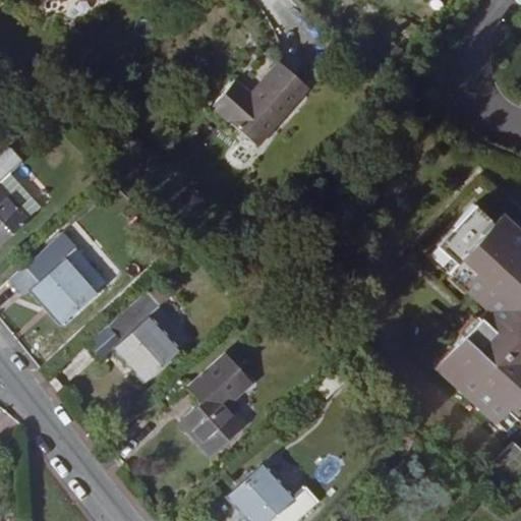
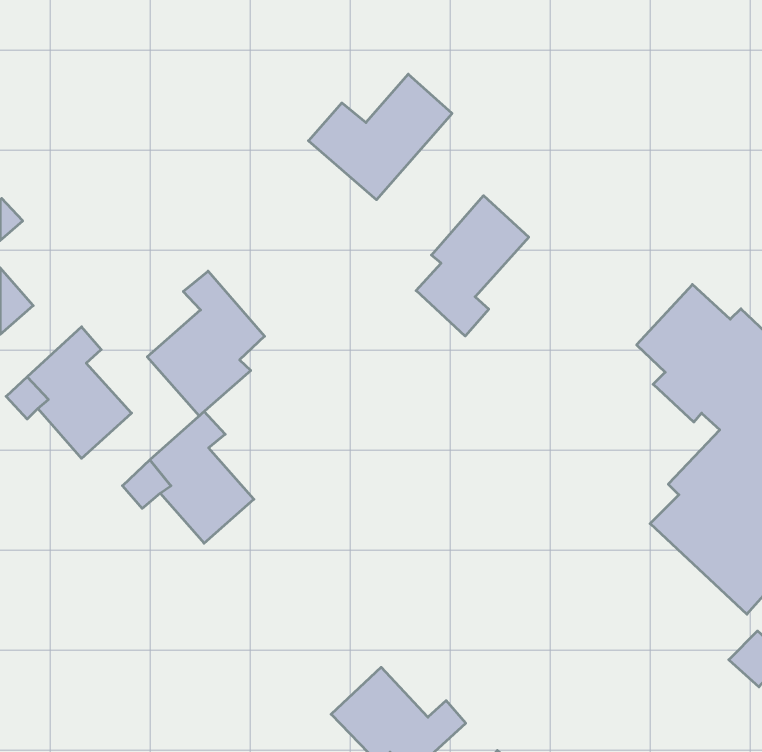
building: none -> [416,196,529,336]
building: none -> [147,271,265,416]
building: [182,351,246,454] -> none

